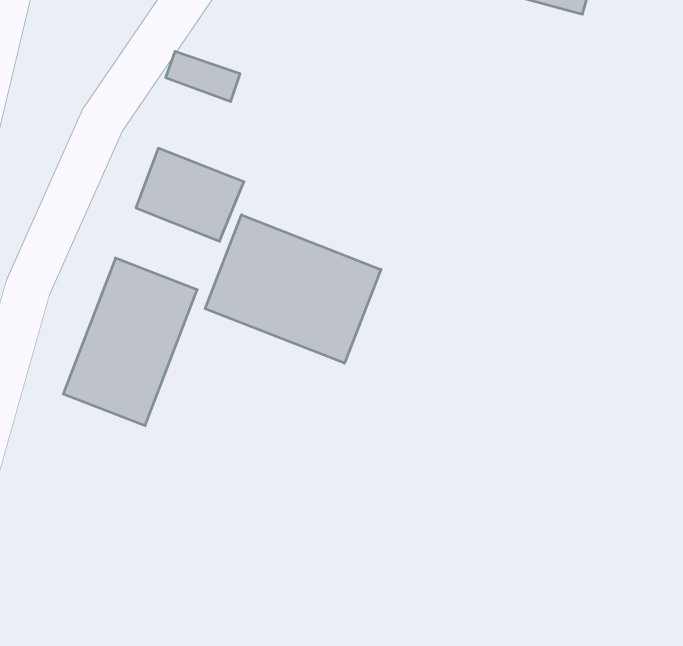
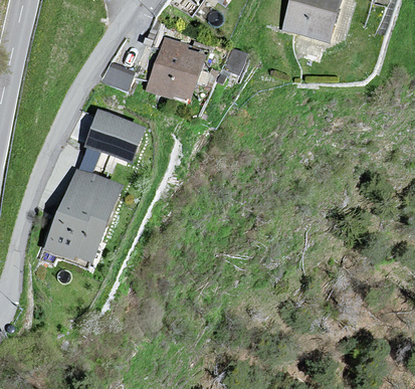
building: none -> [147,39,204,100]
building: [205,215,381,363] -> none

